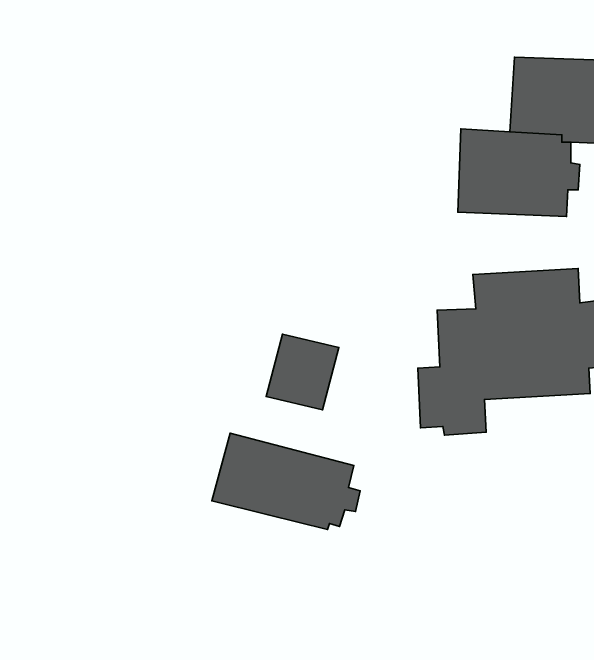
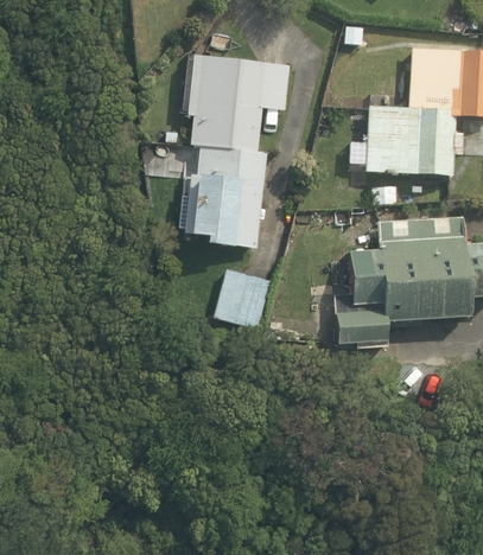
building: none -> [179,53,291,247]
building: [212,433,360,530] -> none

